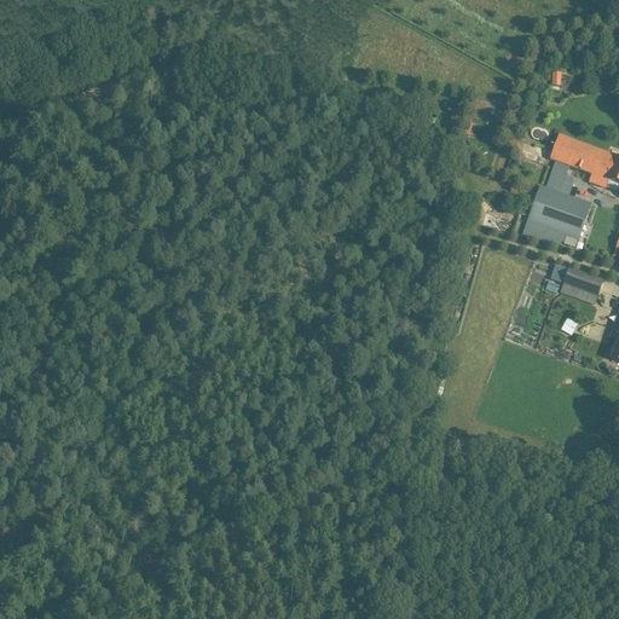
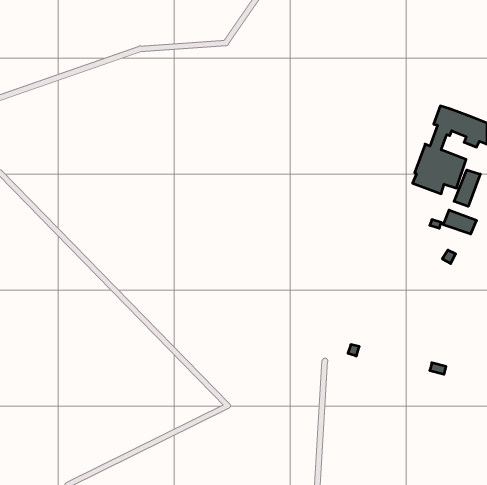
building: none -> [454,170,480,206]

